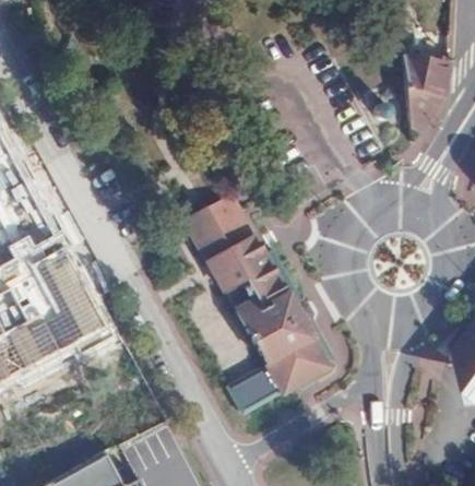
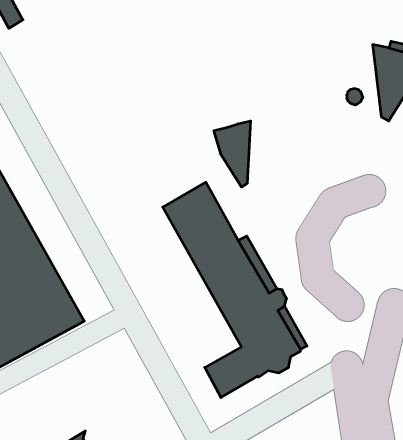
building: none -> [214,121,251,187]

